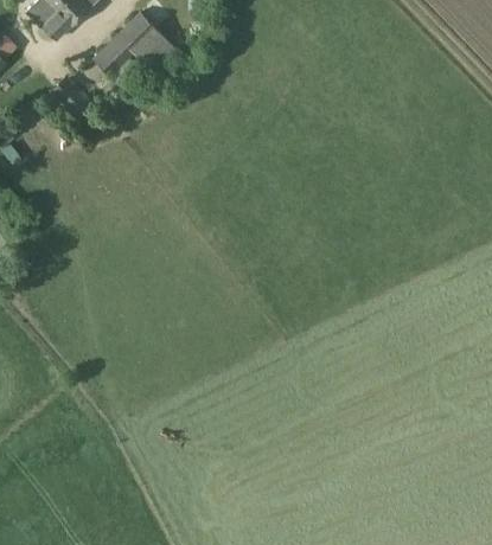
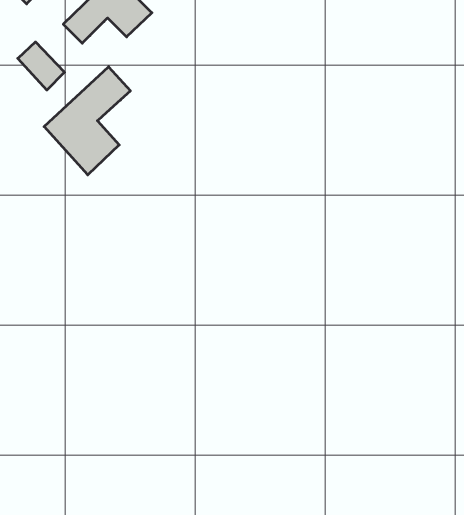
building: none -> [44,67,130,175]

